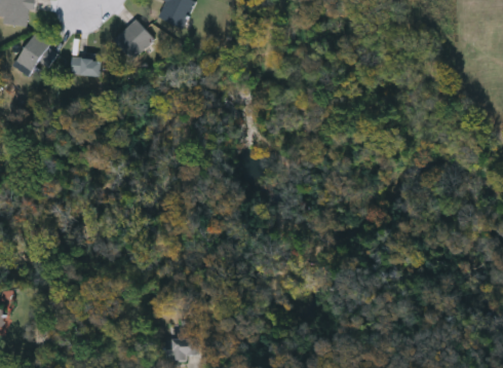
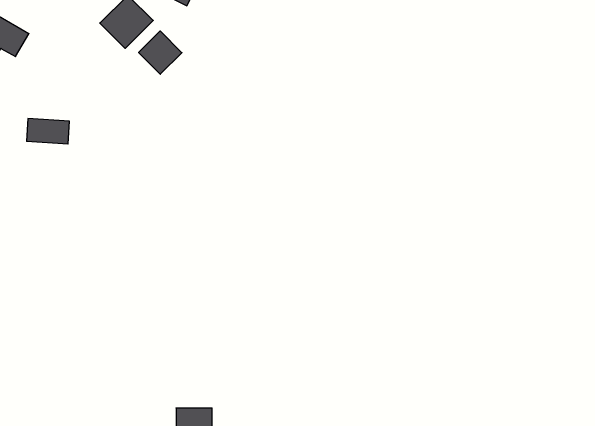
building: none -> [139,31,182,74]
building: [70,58,103,77] -> [27,119,69,144]

